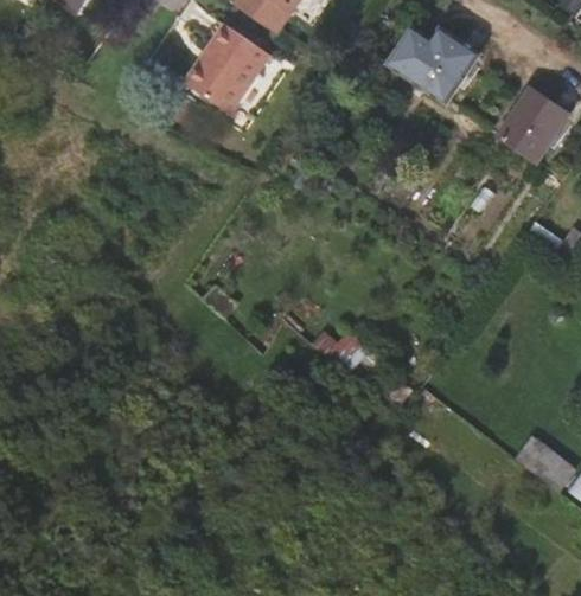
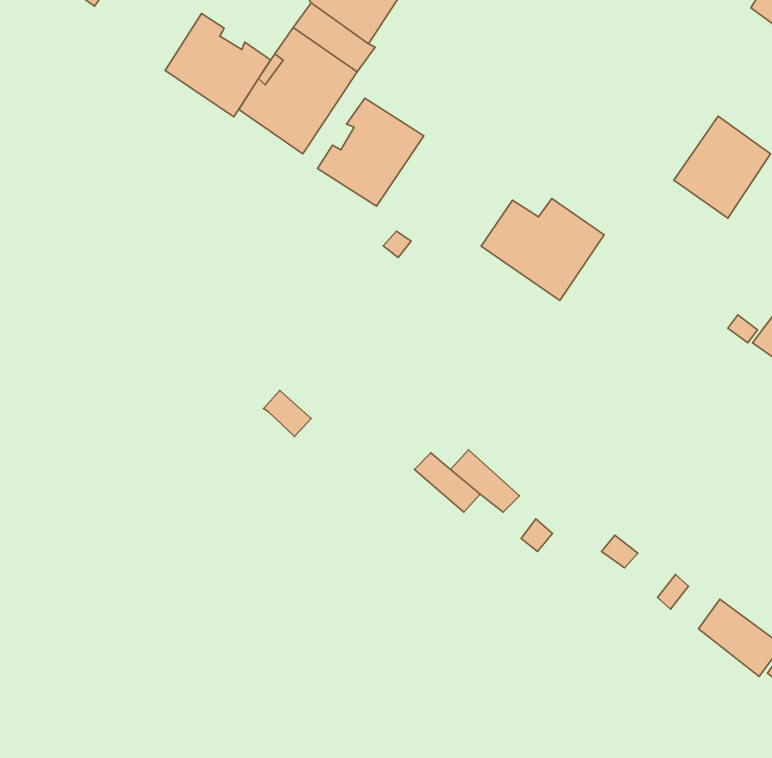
building: none -> [165,14,270,117]
building: [389,27,478,101] -> [481,199,604,300]
building: none -> [318,98,424,206]

